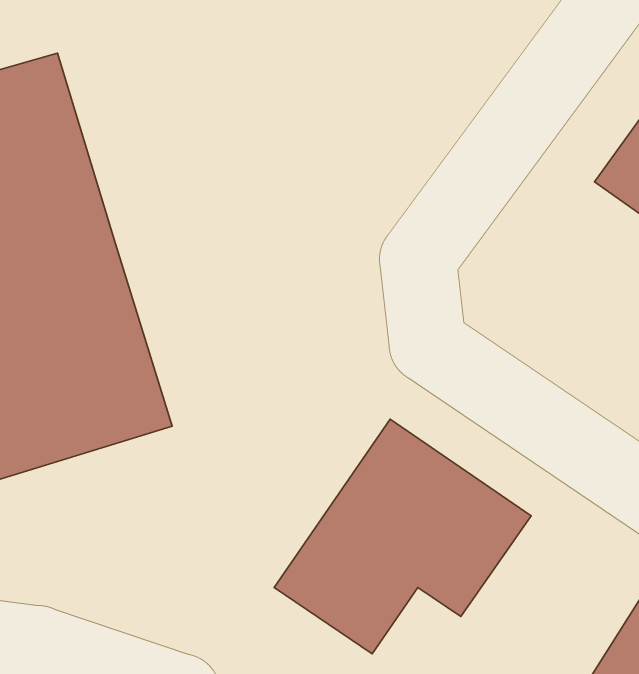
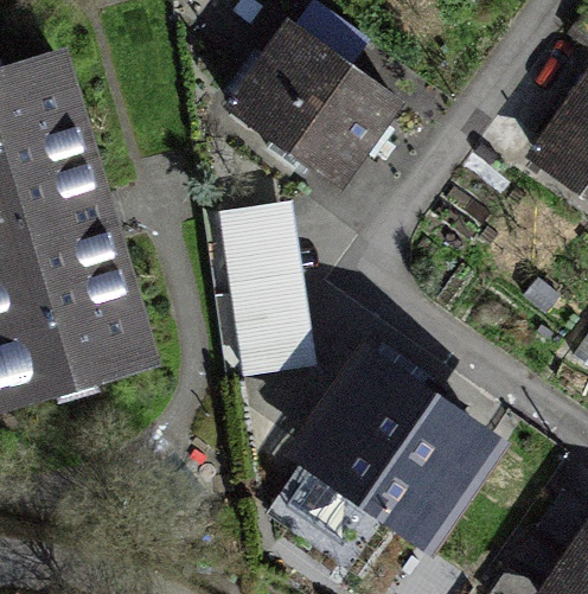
building: none -> [229,28,394,186]
building: none -> [223,189,305,359]

